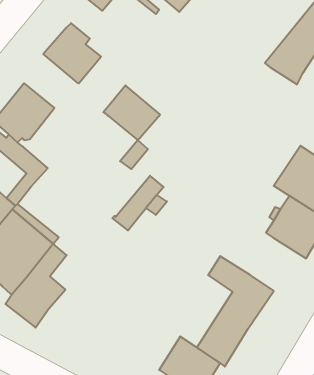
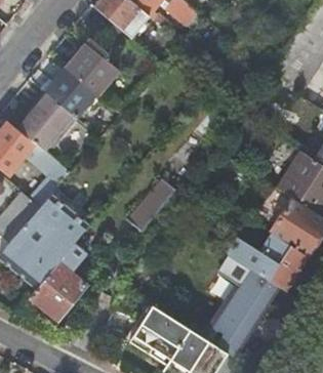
building: [103,85,160,140] -> [44,68,96,118]
building: none -> [229,238,308,290]
building: none -> [130,304,192,359]

